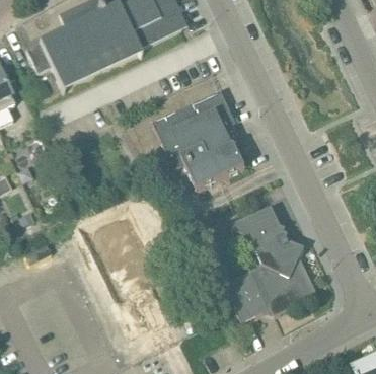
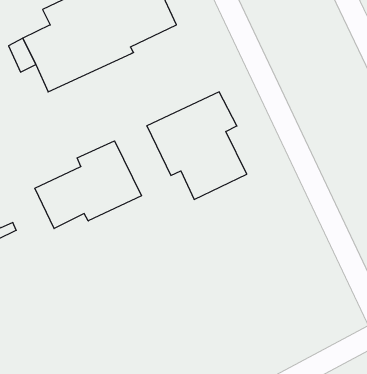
building: none -> [35,141,141,229]
building: [223,206,317,320] -> none

